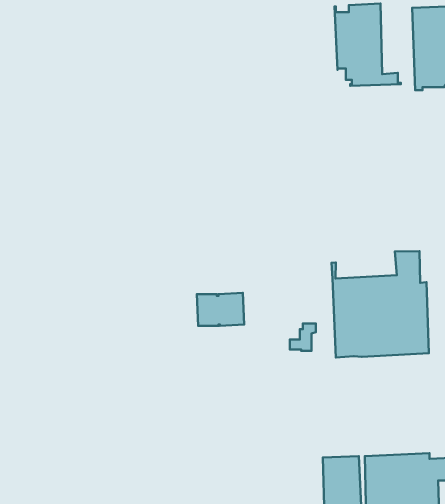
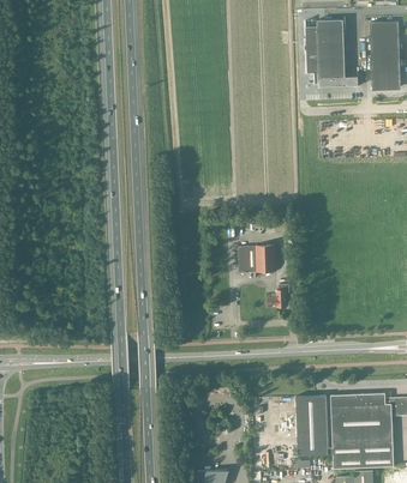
building: [331,251,429,357] -> none
building: [197,293,244,326] -> [237,244,276,272]

